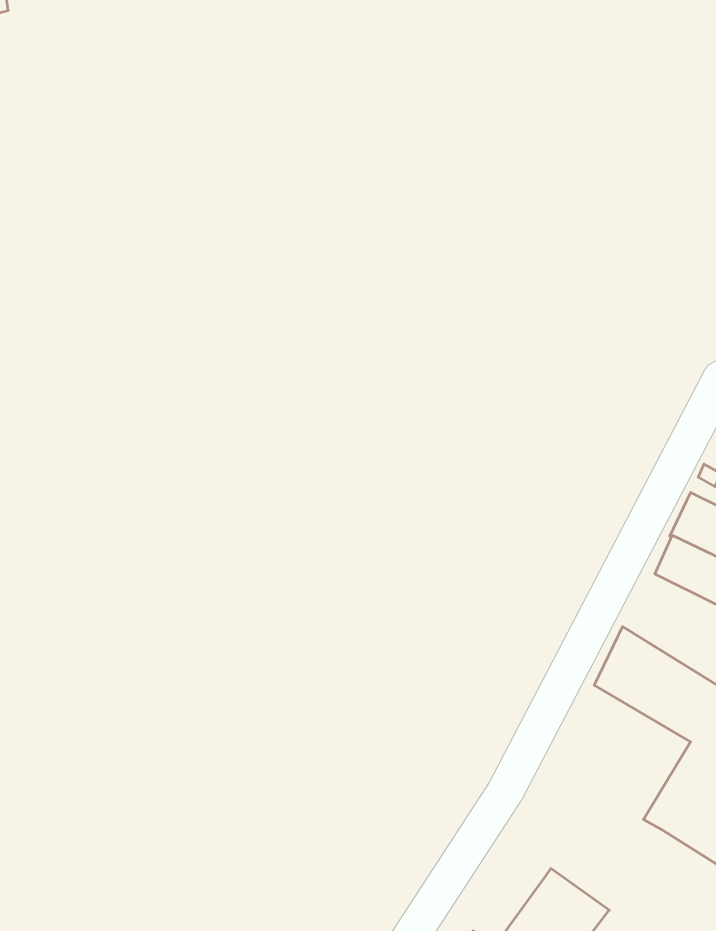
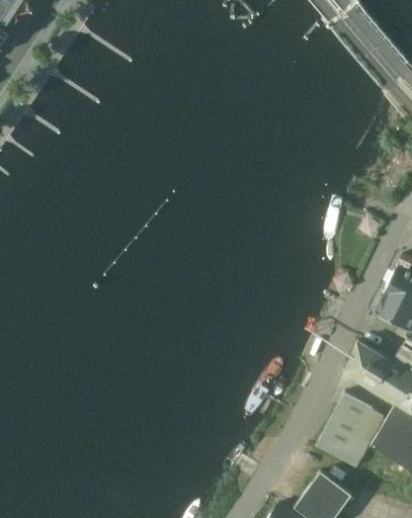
building: none -> [316,392,385,465]

